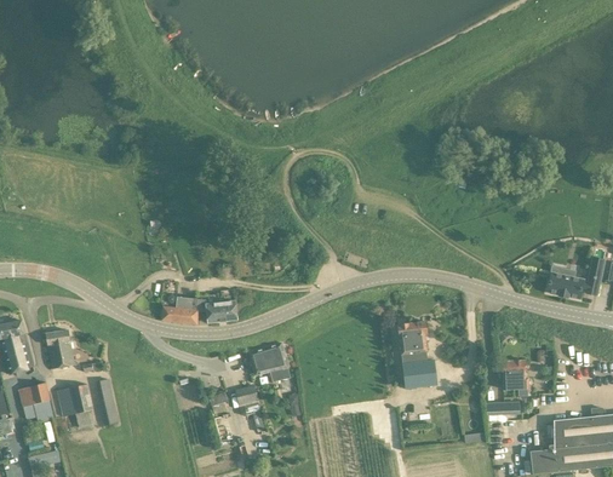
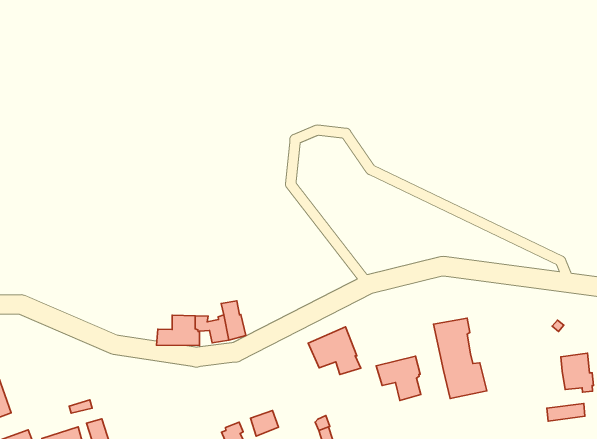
building: [45,329,73,368] -> none
building: [247,341,290,381] -> [308,327,361,374]
building: none -> [376,356,421,400]

